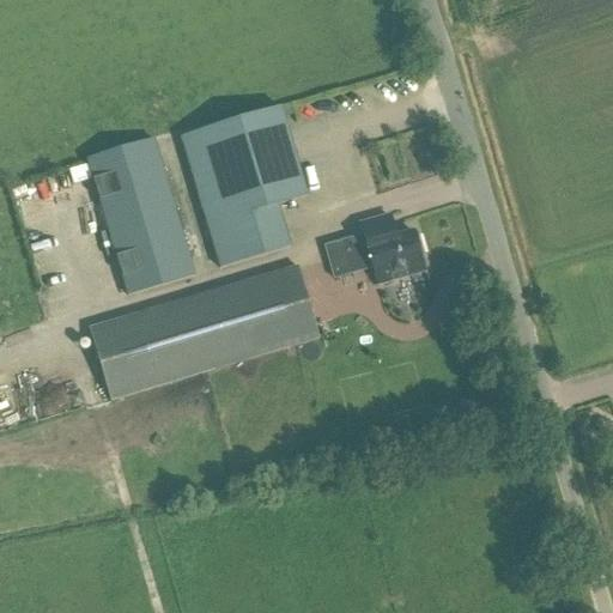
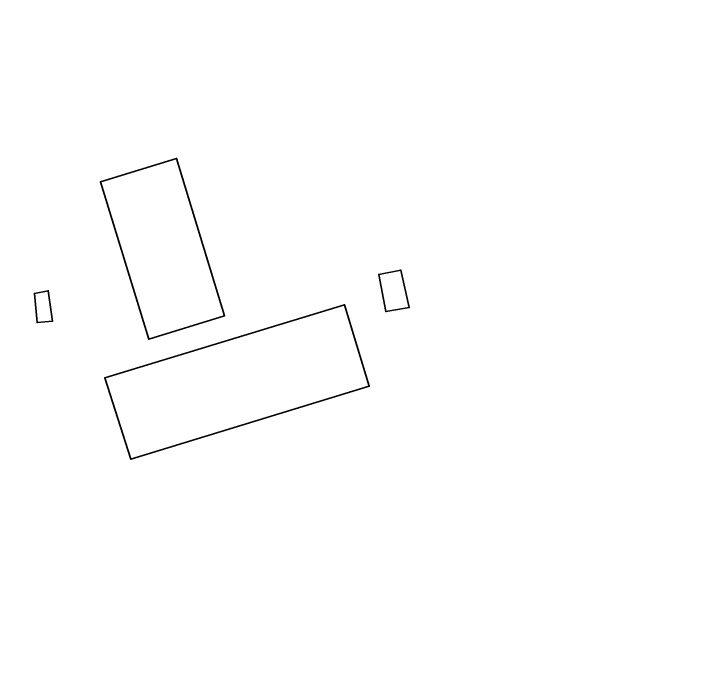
building: [181,102,305,266] -> none
building: [365,213,426,280] -> none

